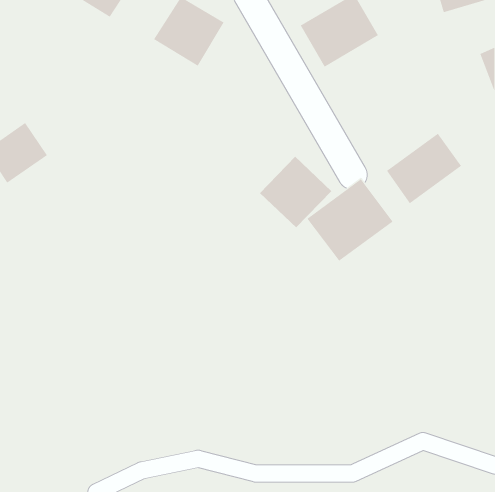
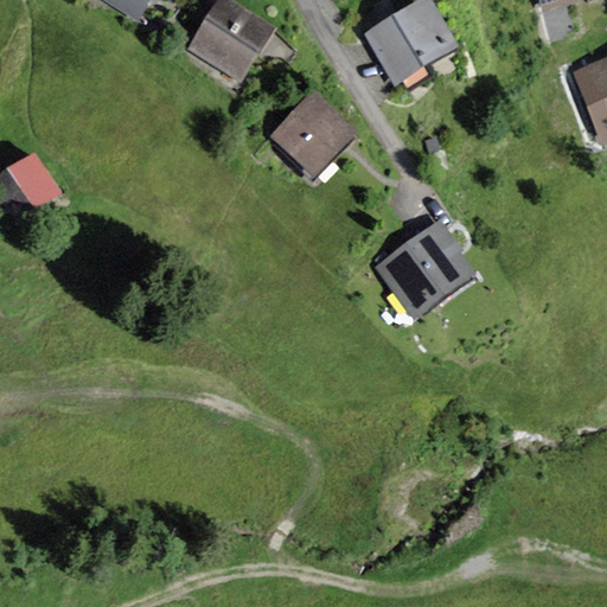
building: [386,133,462,204] -> none
building: [259,156,332,228] -> [269,90,358,178]

